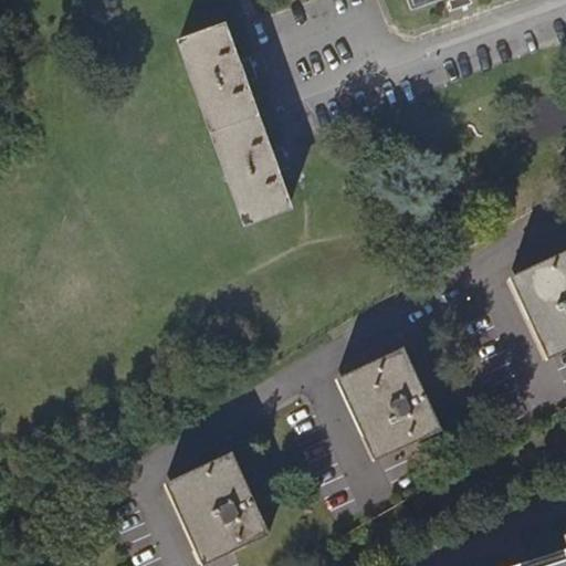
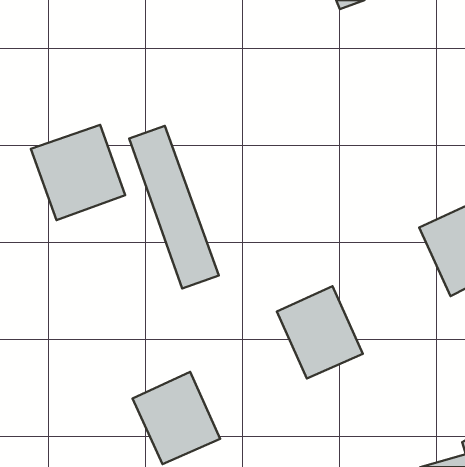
building: [185,30,293,227] -> [129,126,219,288]
building: none -> [31,125,125,220]

